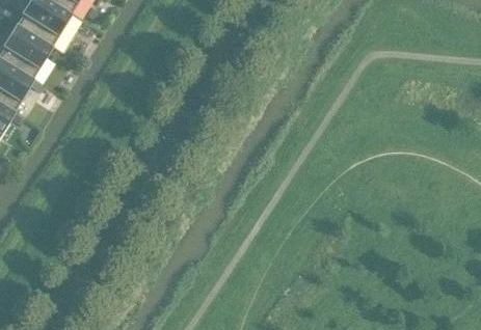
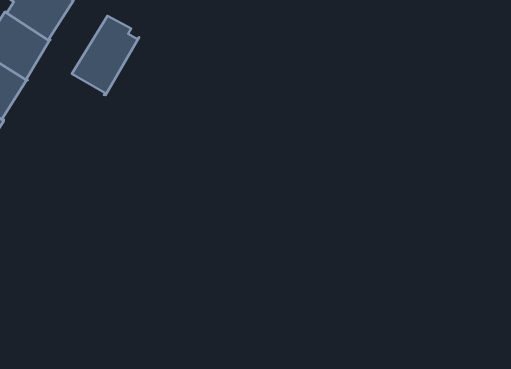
building: none -> [72,16,139,95]

